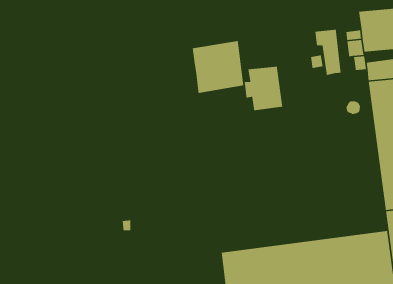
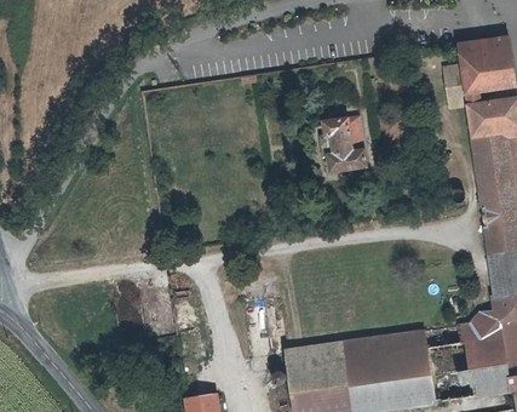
building: [314,29,342,76] -> none
building: [192,40,244,94] -> none

